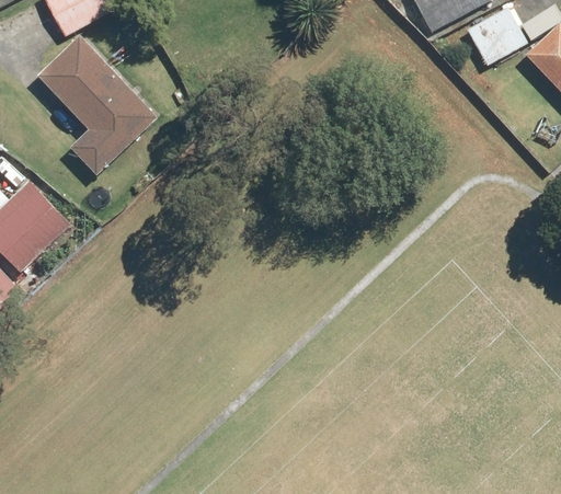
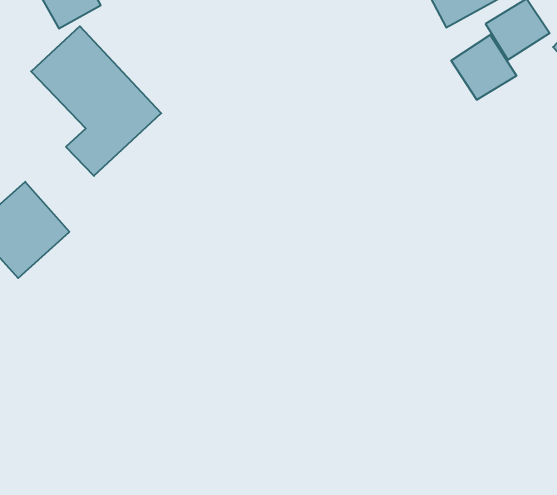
building: none -> [451,35,516,100]

